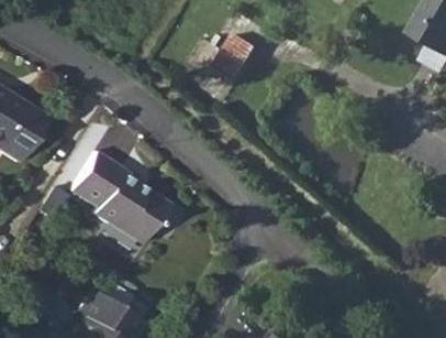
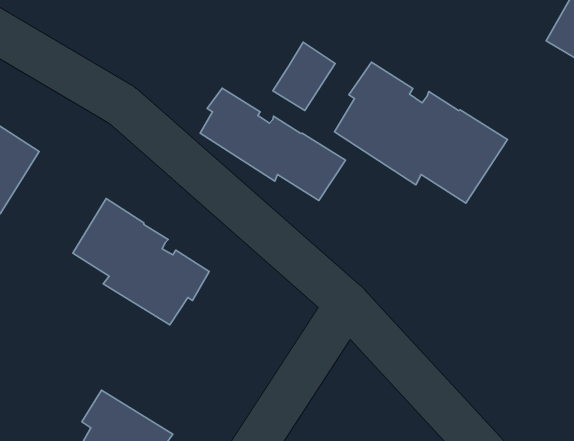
building: none -> [335,62,508,203]
building: none -> [200,88,346,200]

